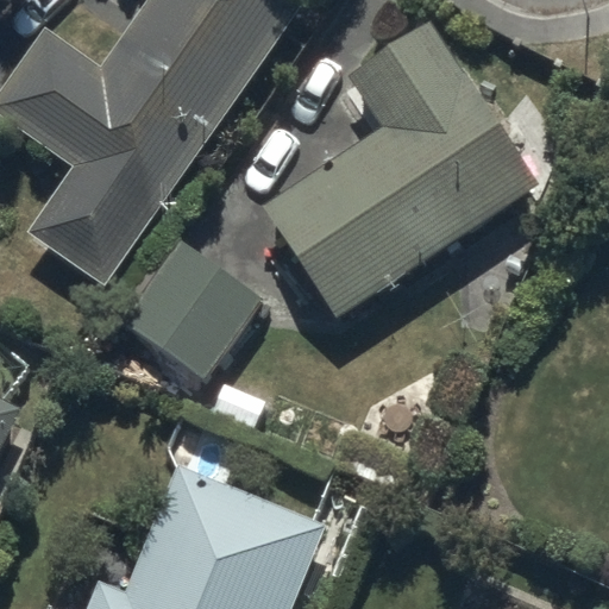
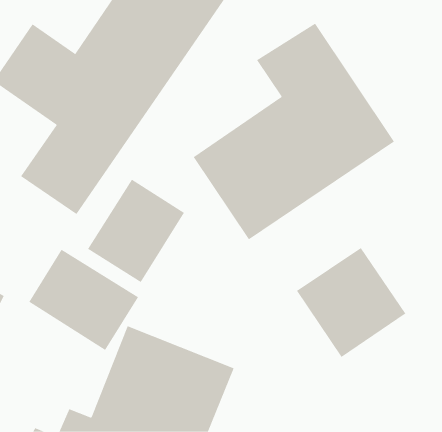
building: none -> [296,247,406,358]
building: none -> [29,249,139,351]

